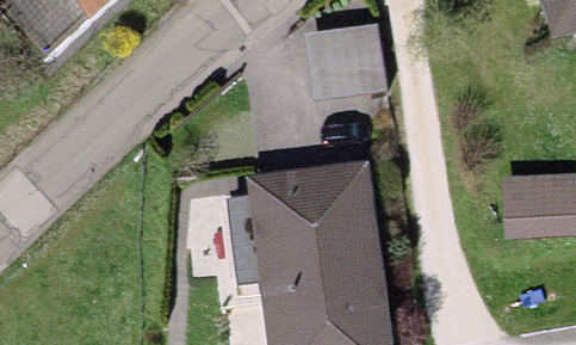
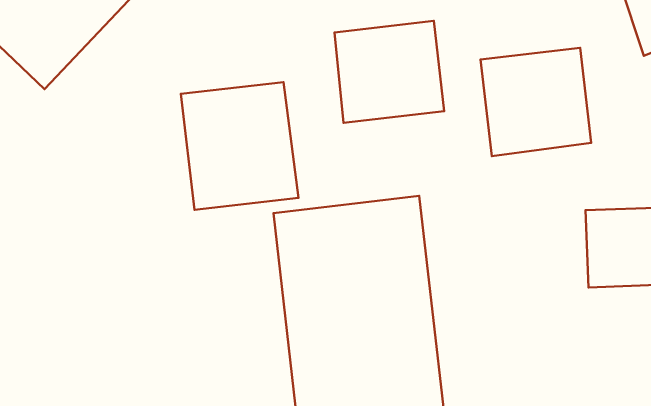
building: none -> [481,48,591,156]
building: none -> [181,82,299,210]

